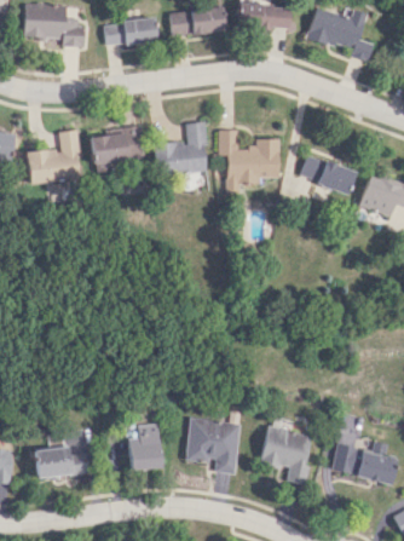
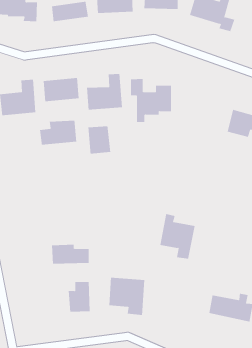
building: [301,156,356,201] -> none
building: none -> [39,120,77,145]
building: none -> [88,126,111,154]
building: [262,418,314,484] -> [160,213,195,259]
building: [35,448,91,477] -> [51,244,90,264]

